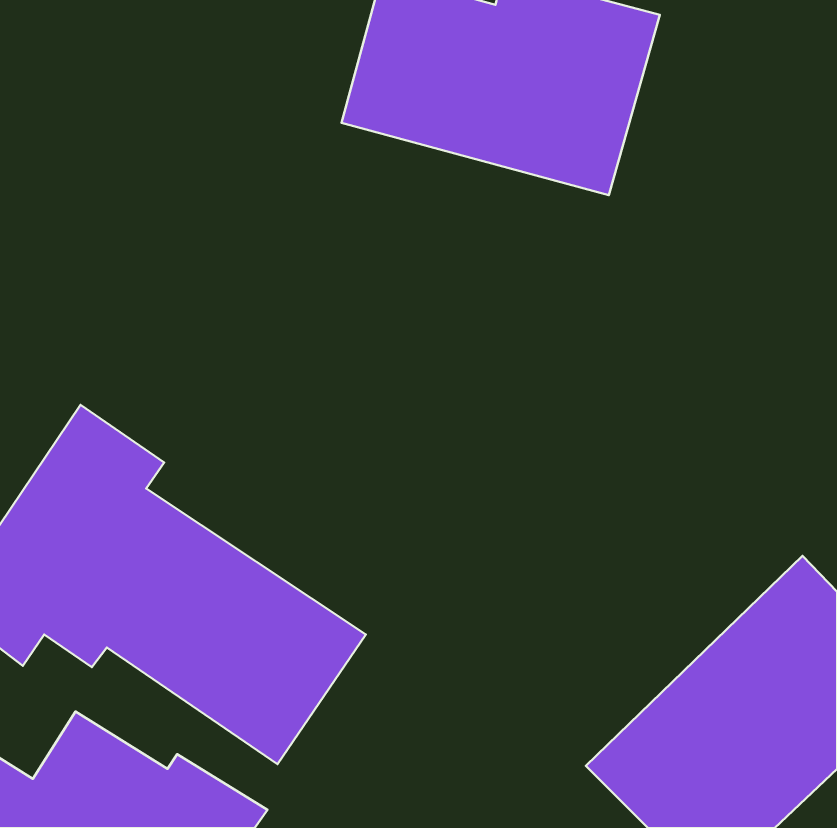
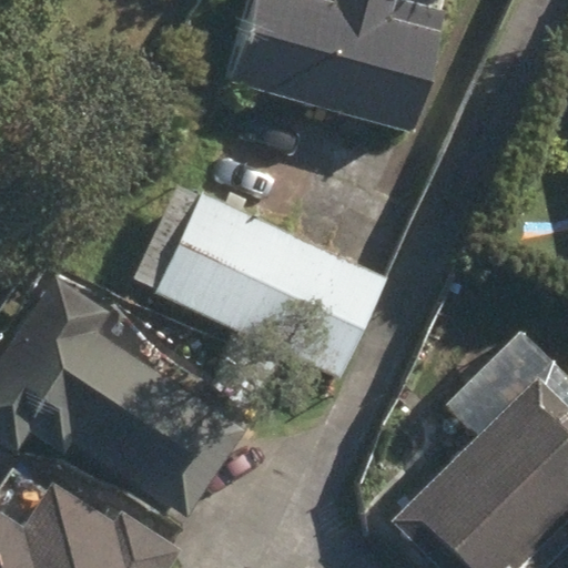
building: none -> [158,193,384,373]

